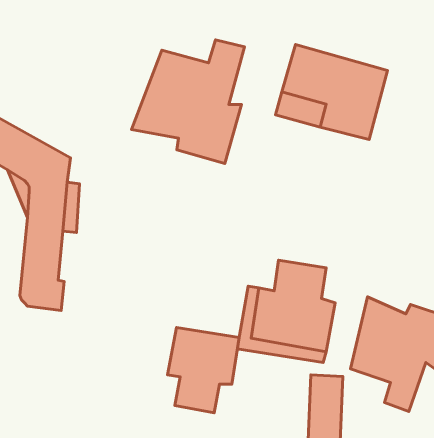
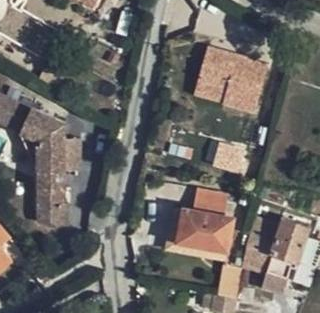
building: [131,40,245,164] -> none
building: none -> [212,143,247,174]
building: [167,327,239,413] -> none

